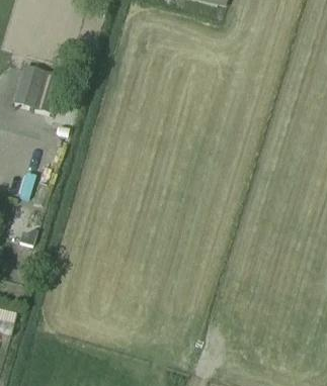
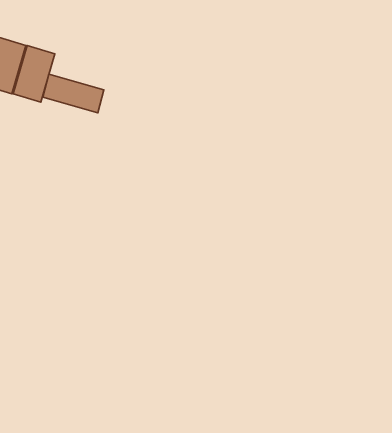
building: none -> [43,74,104,113]

